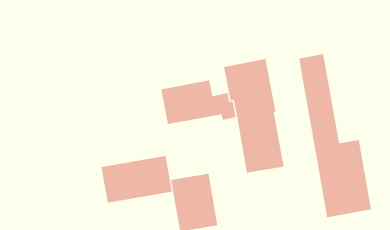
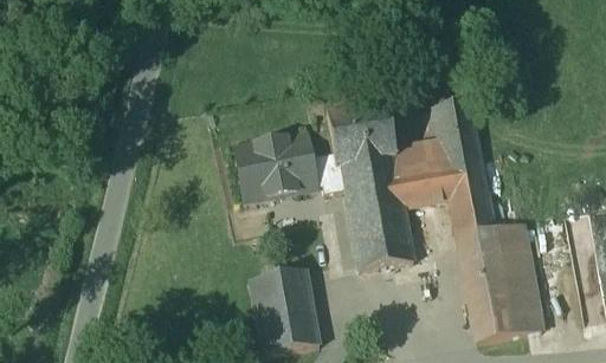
building: none -> [397,140,450,201]
building: [101,155,172,204] -> none

